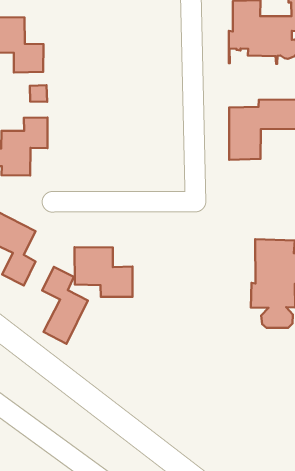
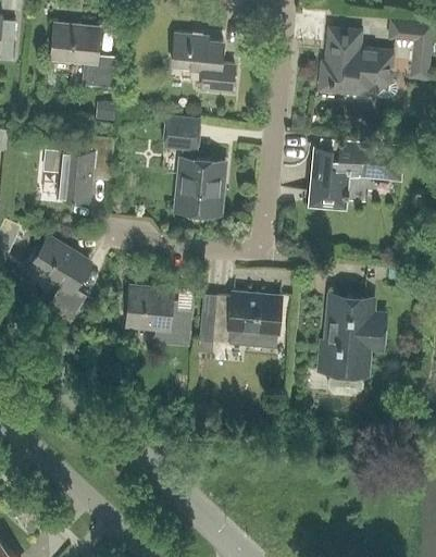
building: none -> [172,34,235,94]
building: none -> [165,117,225,214]
building: none -> [199,293,281,343]
building: [42,267,88,344] -> none

